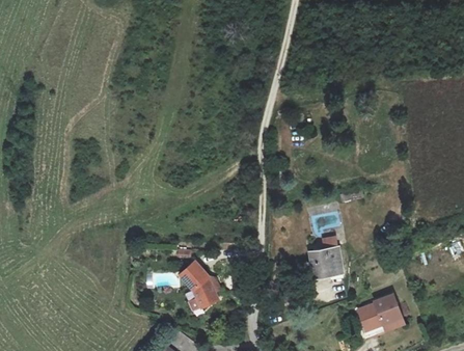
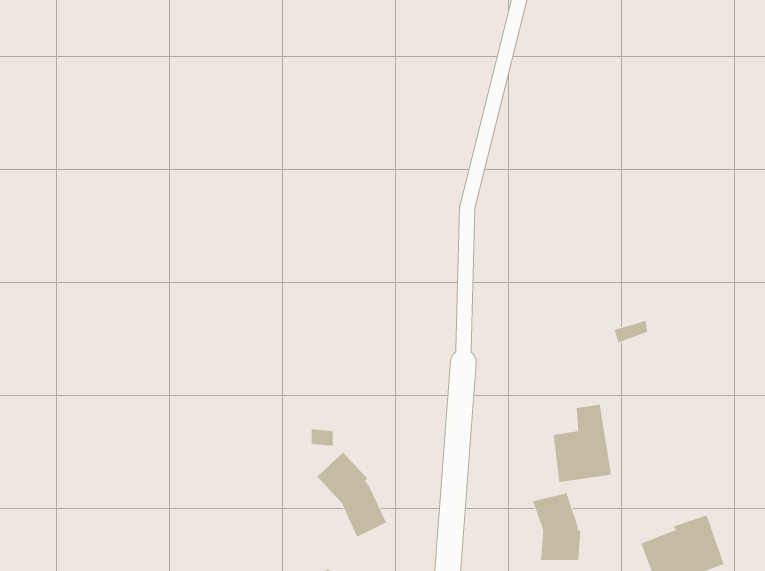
building: none -> [532,492,581,561]

